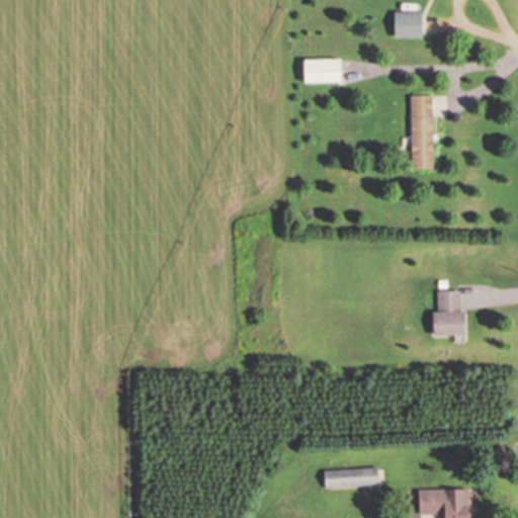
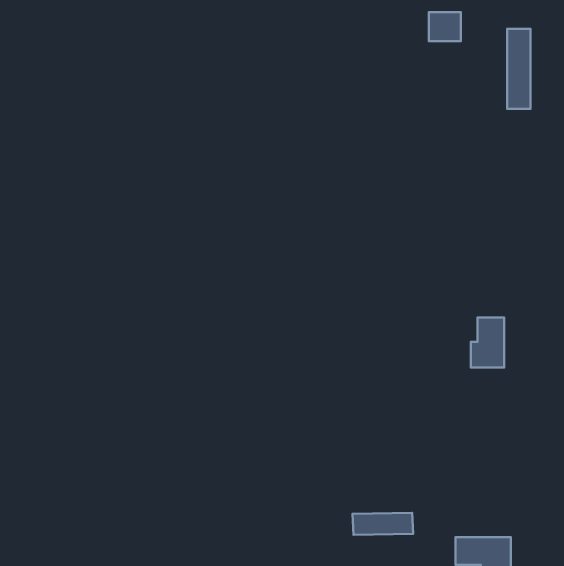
building: [304,60,341,83] -> none
building: [412,96,433,169] -> [507,29,531,109]

